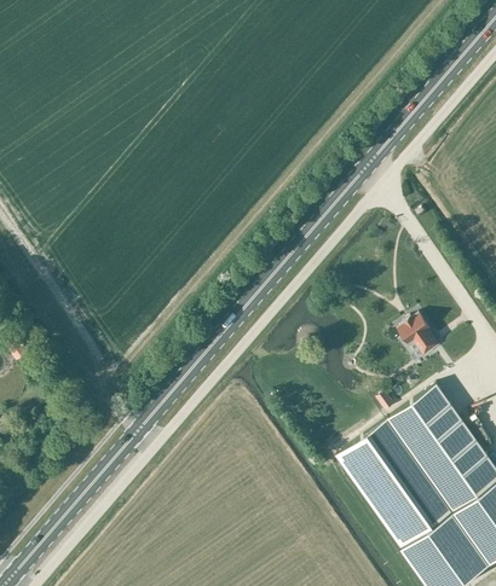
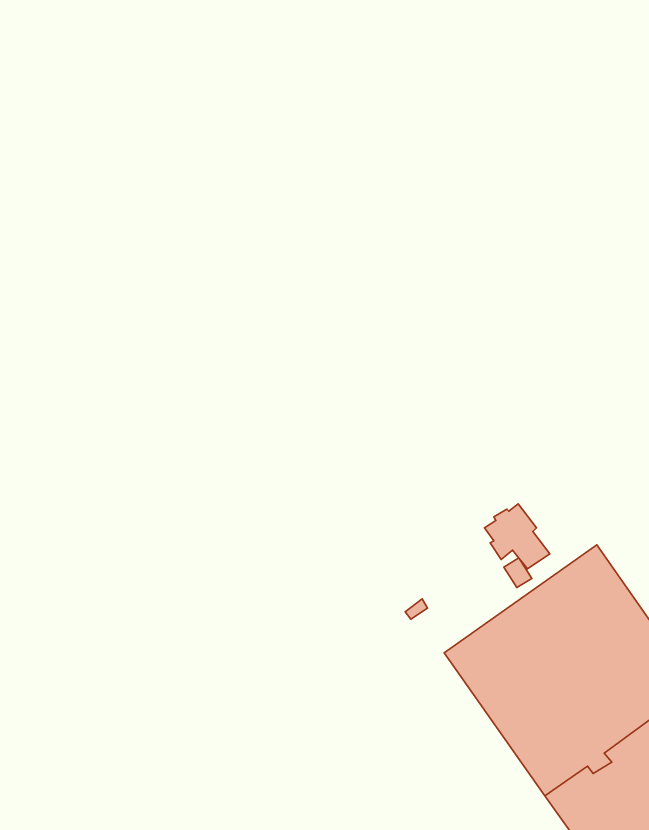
building: [397,315,439,358] -> [485,504,550,569]

